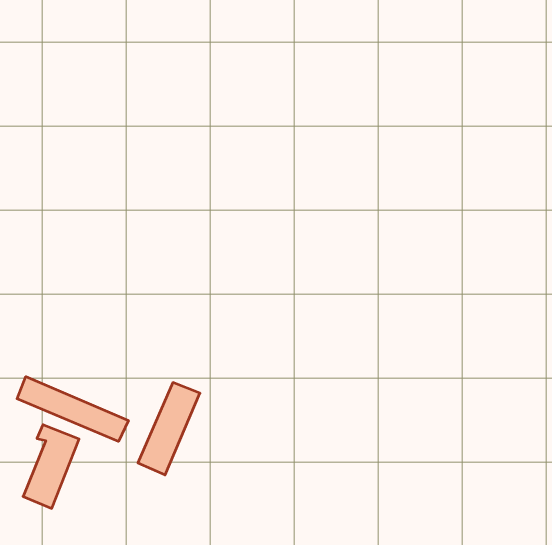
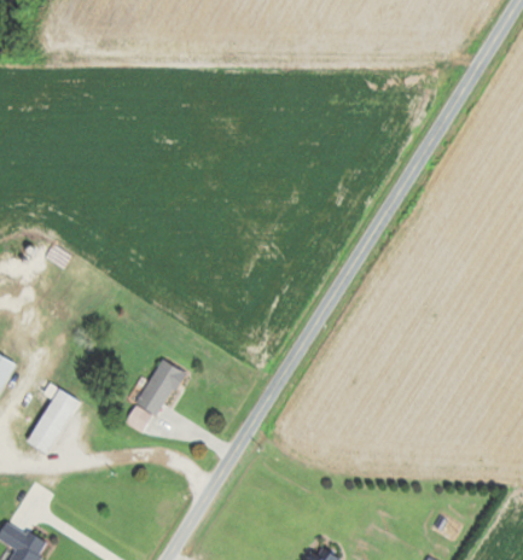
building: [17,377,128,441] -> none

